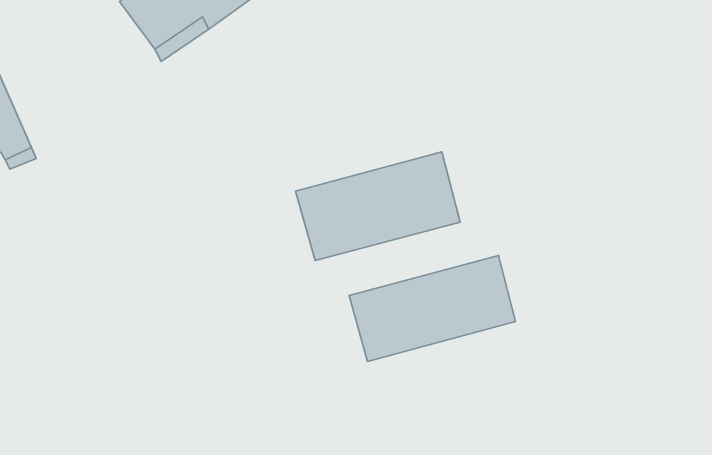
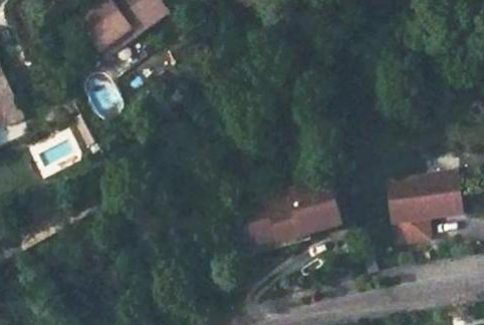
building: [296,152,460,261] -> none
building: none -> [387,173,460,241]

